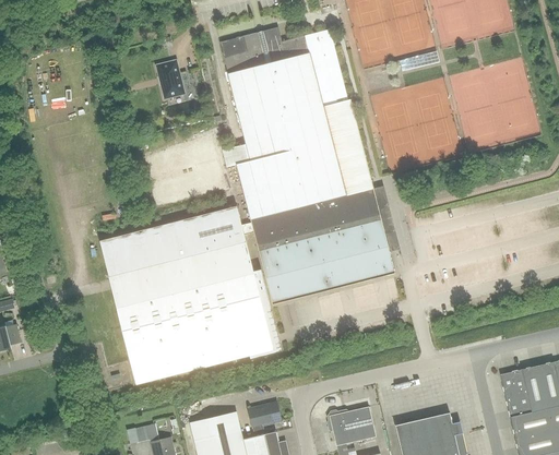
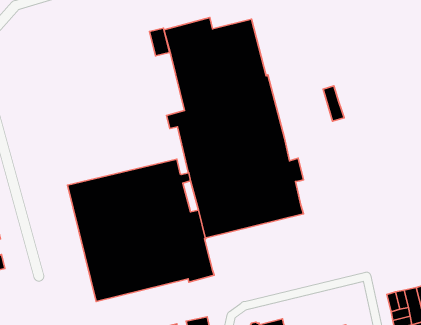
building: [158,59,183,94] -> [149,28,169,56]
building: none -> [323,86,344,121]

